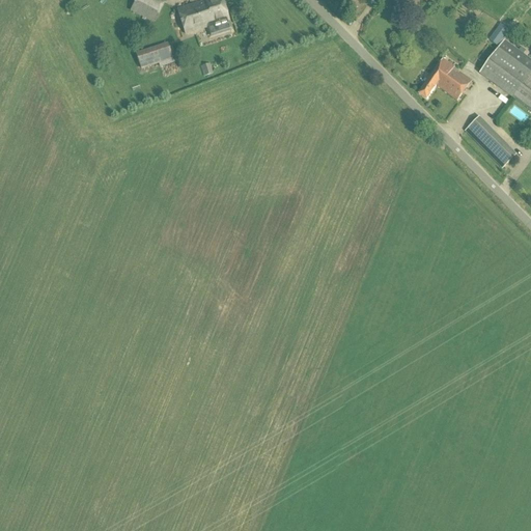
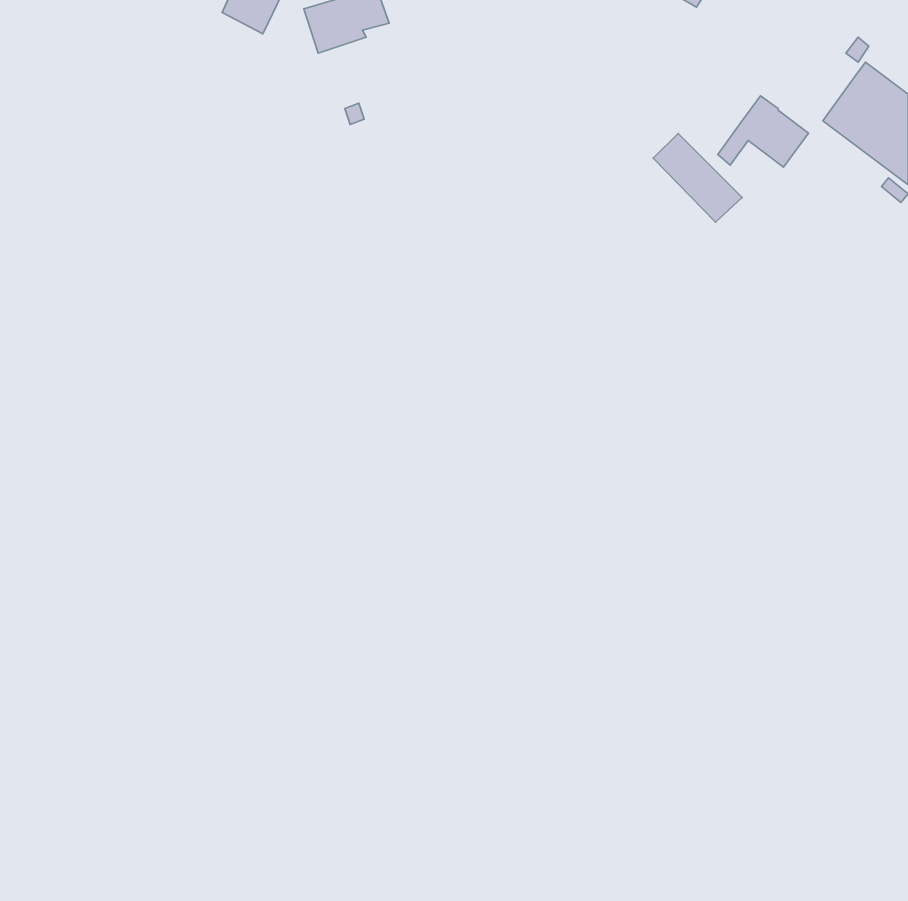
building: [136,40,173,66] -> none
building: [466,113,518,165] -> [653,133,742,222]

